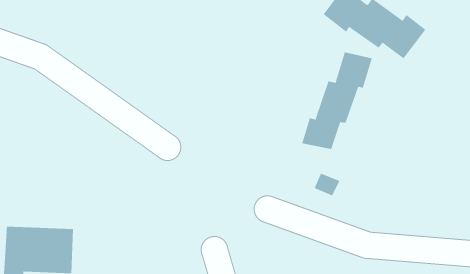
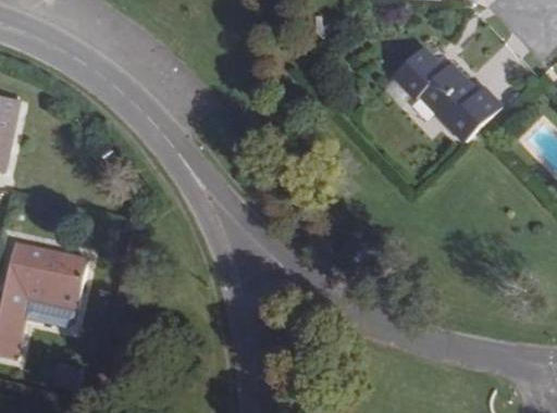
building: [302,52,373,150] -> none

